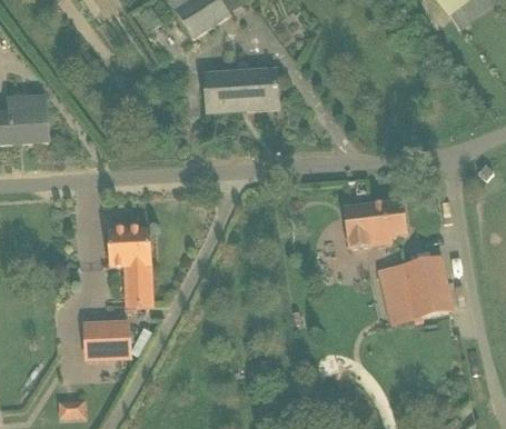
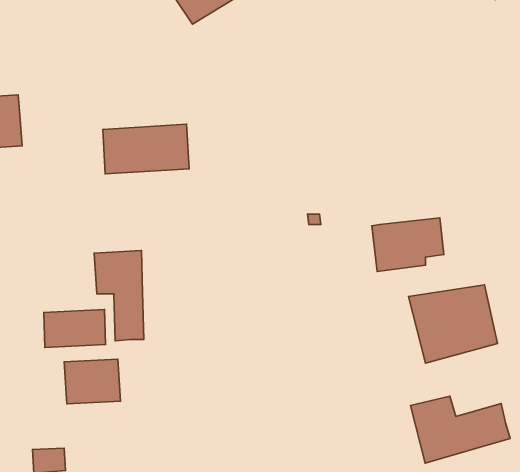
building: [205,69,278,111] -> [103,124,189,174]
building: none -> [44,310,106,347]
building: none -> [410,396,510,463]

